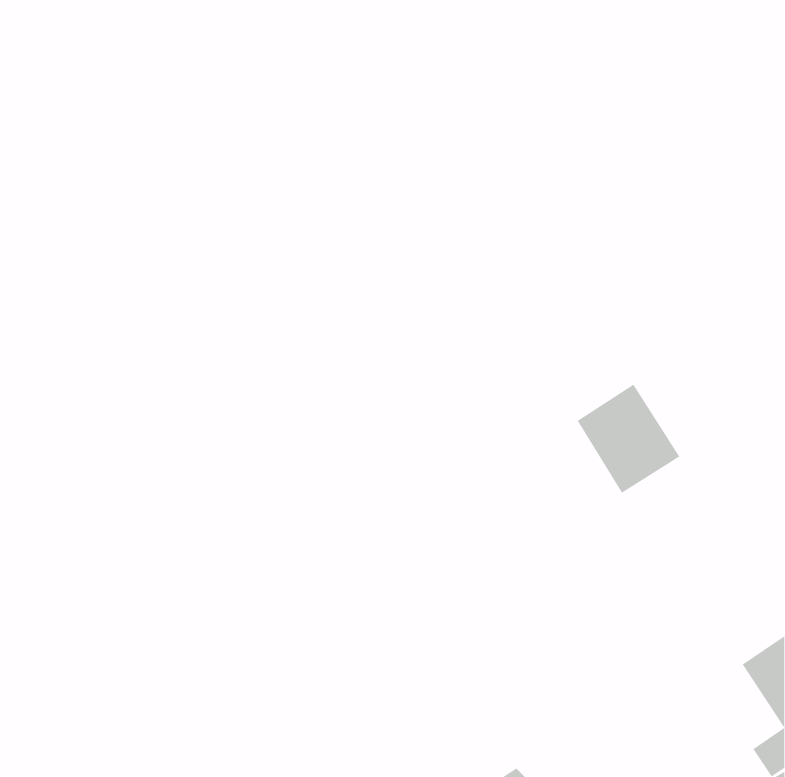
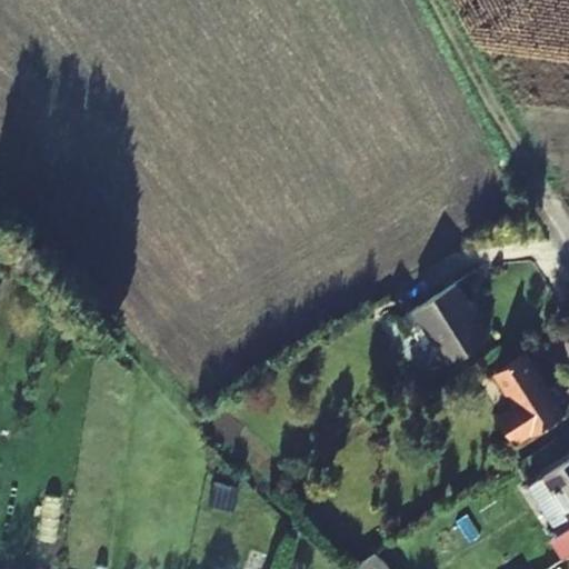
building: none -> [496,361,560,445]

